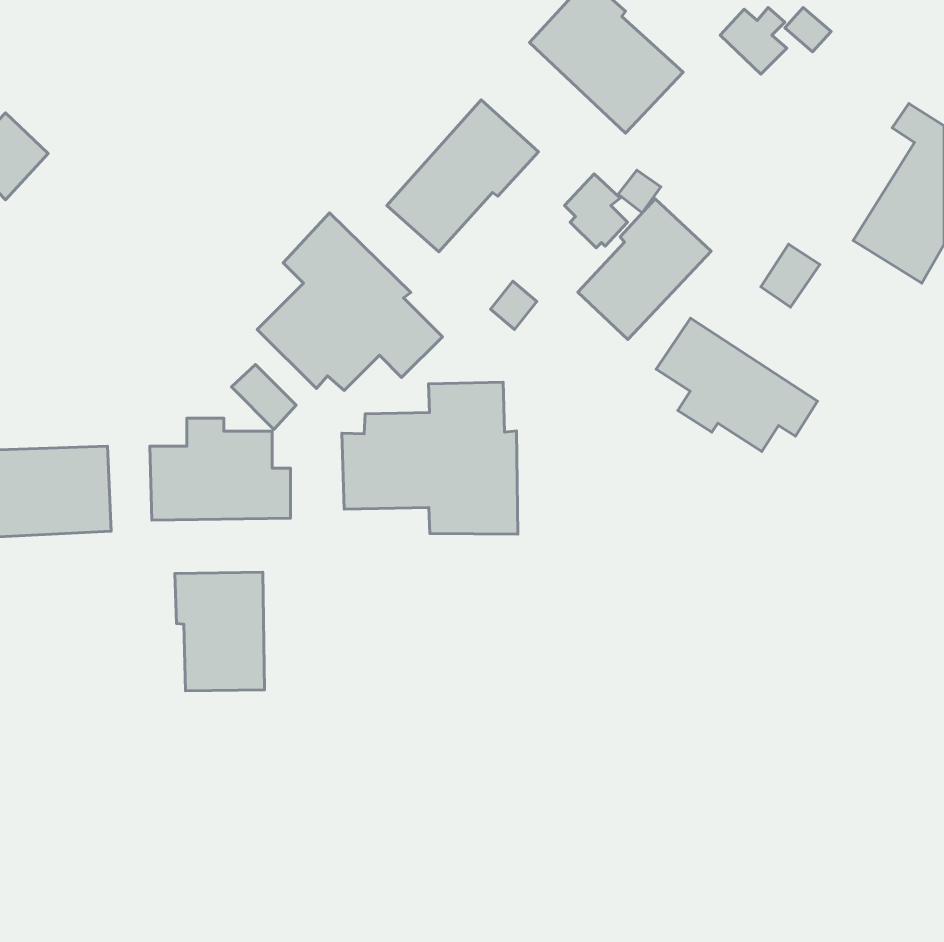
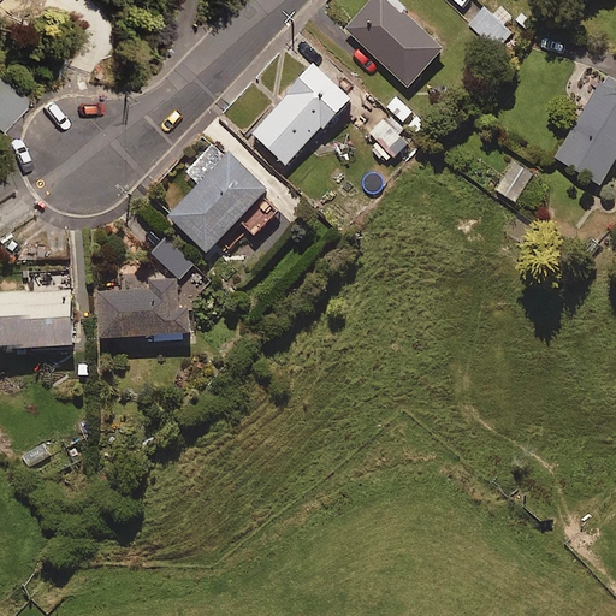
building: [578,199,711,340] -> none
building: [656,318,817,451] -> none
building: [342,382,518,534] -> none
building: [175,572,264,691] -> none

